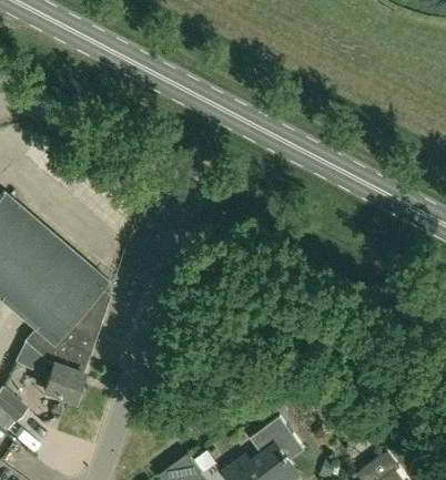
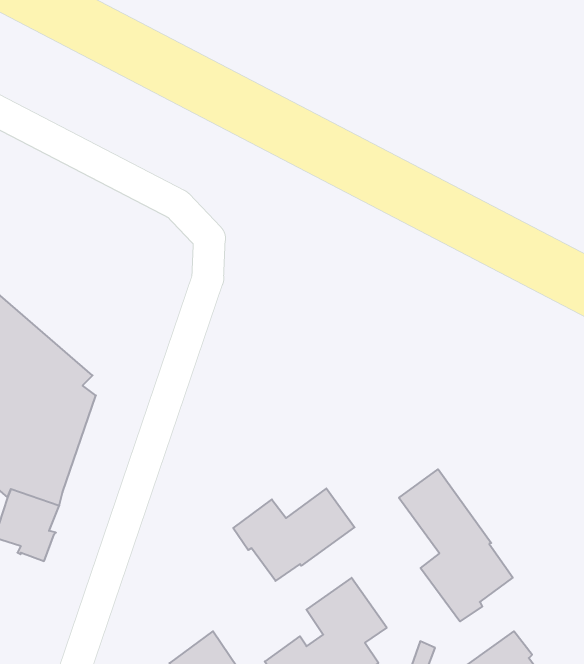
building: none -> [399,469,513,621]
building: none -> [233,488,355,581]

